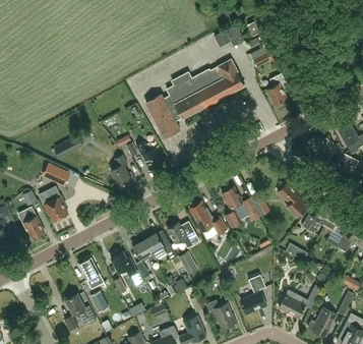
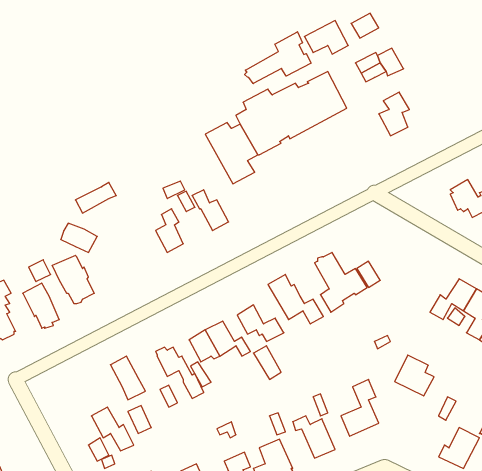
building: none -> [245,32,311,84]
building: [279,181,308,217] -> none
building: [279,289,306,318] -> [395,355,434,396]

